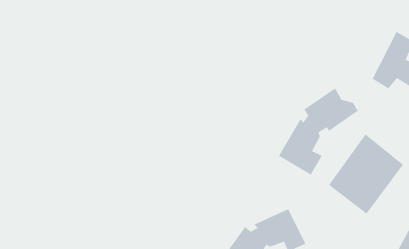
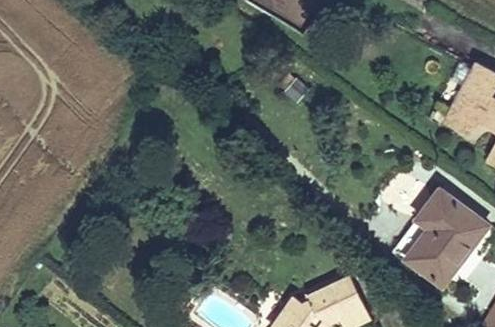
building: [278,87,359,175] -> none

